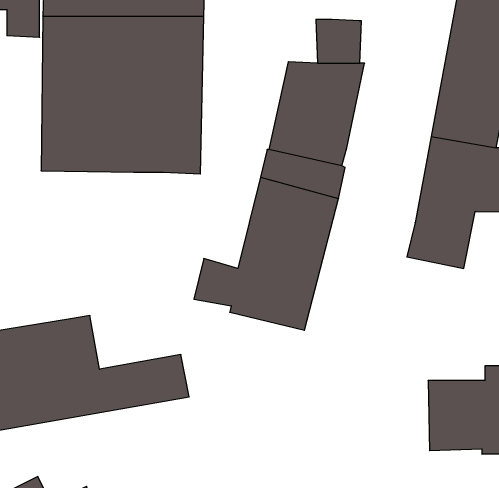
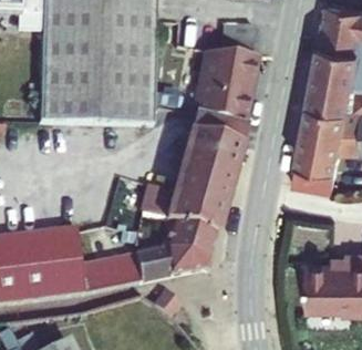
building: none -> [136,220,220,278]

